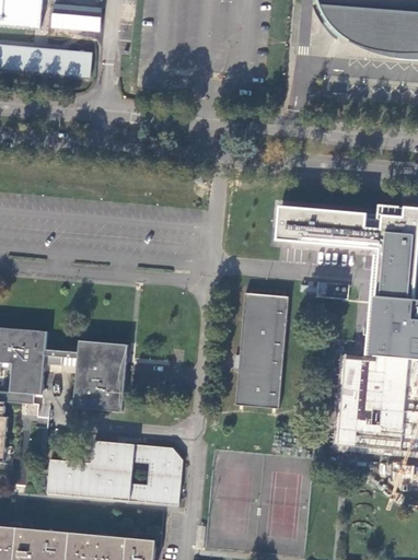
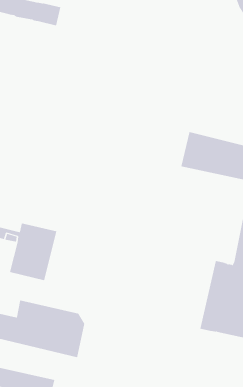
building: [235,292,289,408] -> none

